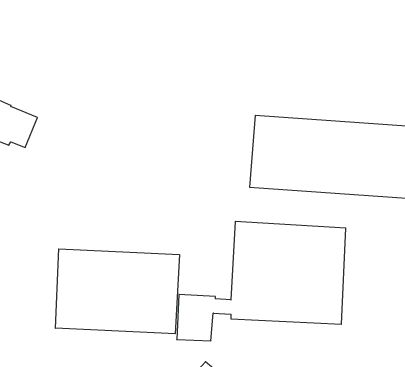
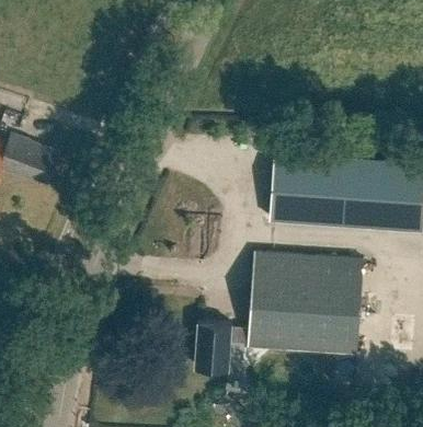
building: [55,249,179,334] -> none

